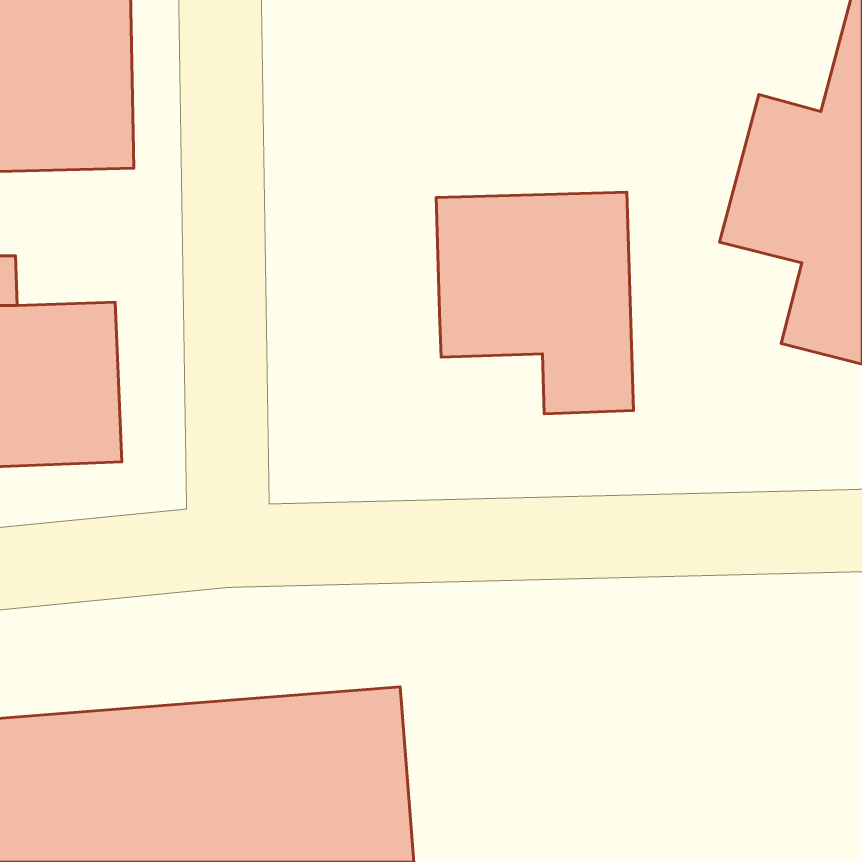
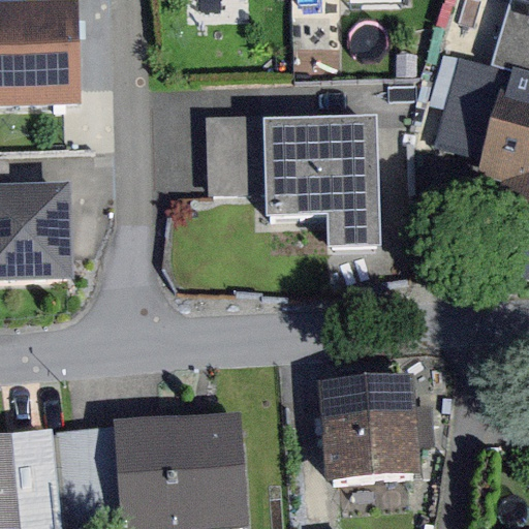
building: none -> [206,111,300,190]
building: none -> [310,396,441,498]

